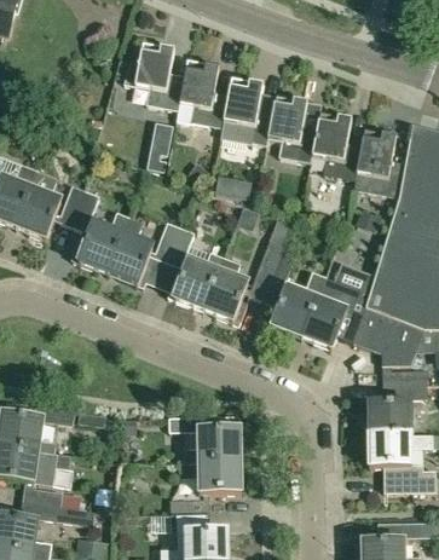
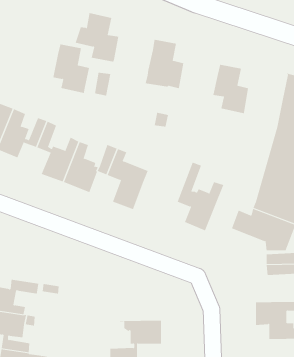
building: [178,60,229,128] -> [53,44,90,94]
building: [267,96,317,162] -> none
building: [352,129,405,198] -> none
building: [203,241,283,325] -> none
building: [301,262,372,352] -> none
building: [369,404,412,437] -> none
building: [169,416,242,462] -> none

